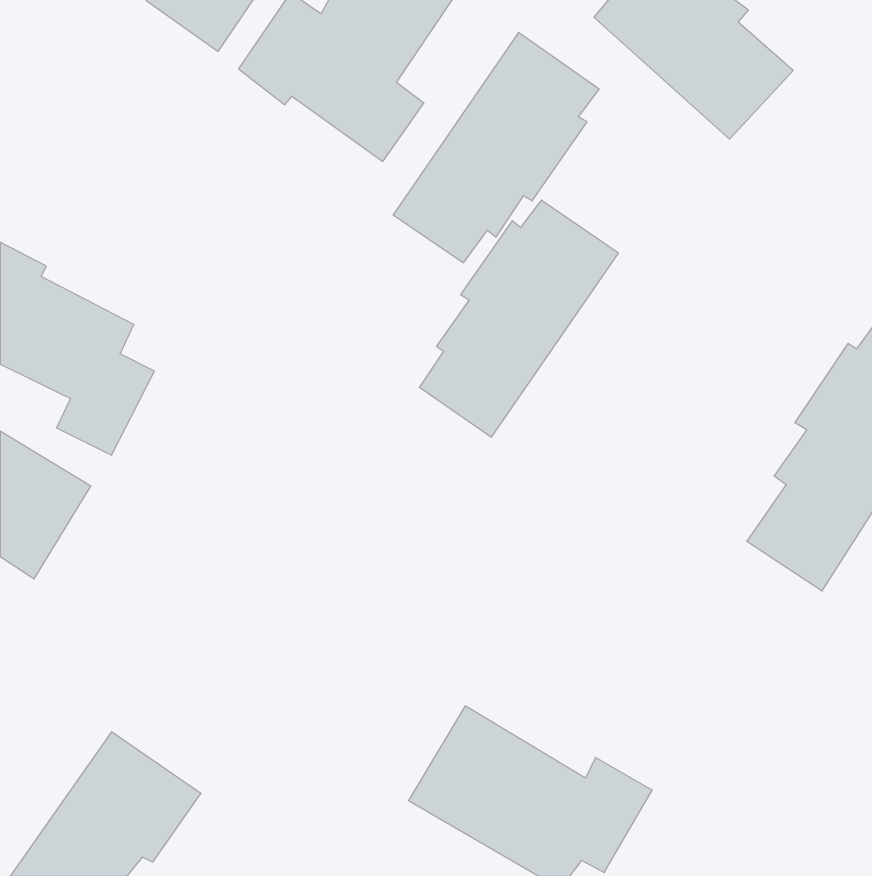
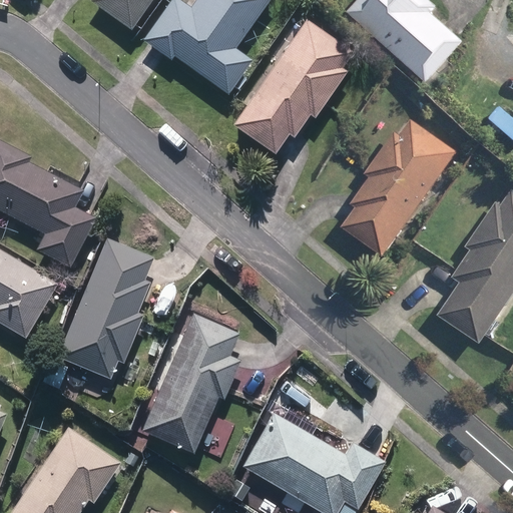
building: [419,200,618,437] -> [344,119,460,258]
building: none -> [57,236,153,379]
building: none -> [140,313,239,453]

